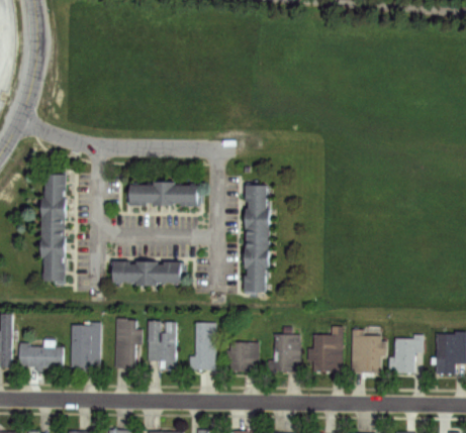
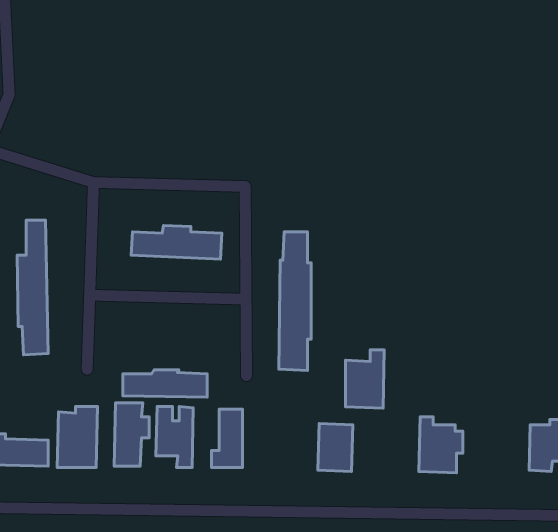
building: [113,261,179,283] -> [123,370,207,397]
building: [313,326,344,371] -> [345,350,384,408]
building: [394,334,424,373] -> none
building: [230,341,259,370] -> none

